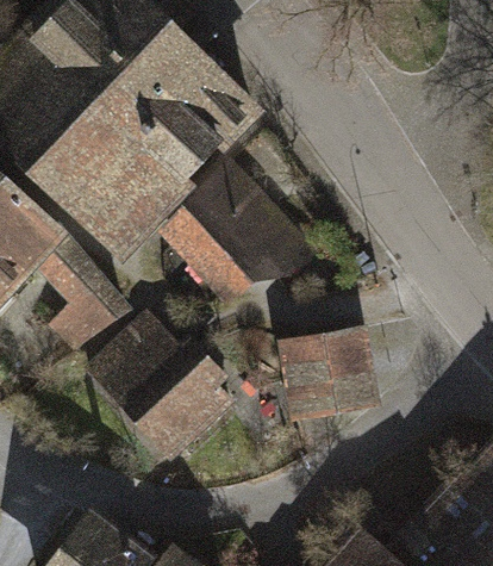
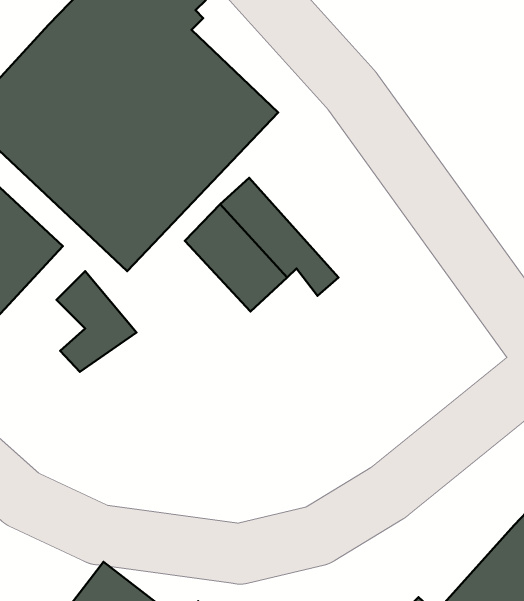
building: [92,321,232,460] -> none
building: [295,332,368,421] -> none

